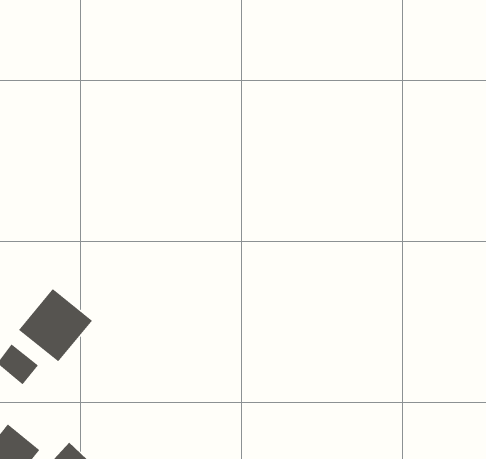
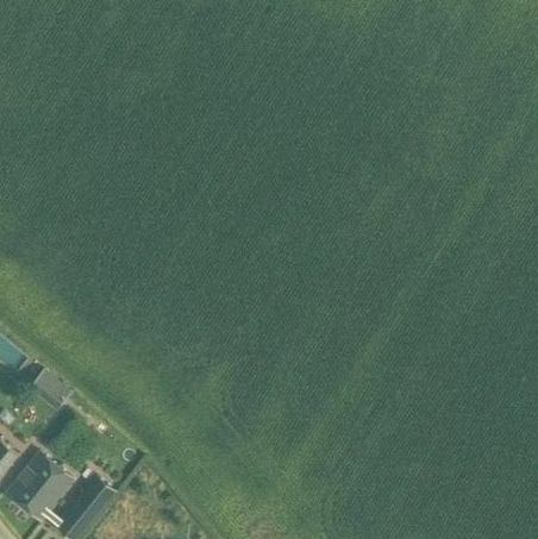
building: [18,288,93,362] -> none

